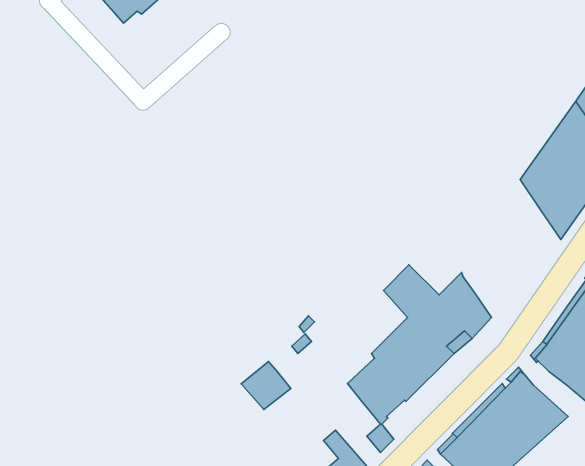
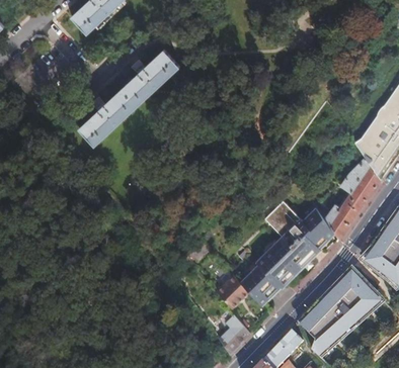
building: none -> [78,49,180,147]
building: none -> [323,161,381,240]
building: [241,361,291,409] -> [213,270,246,302]

